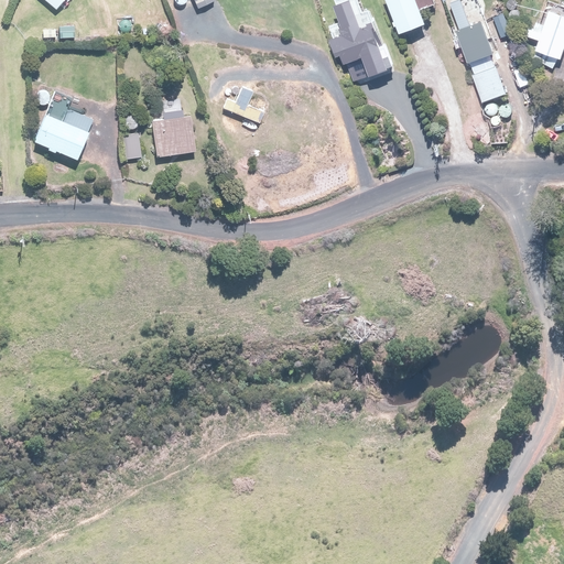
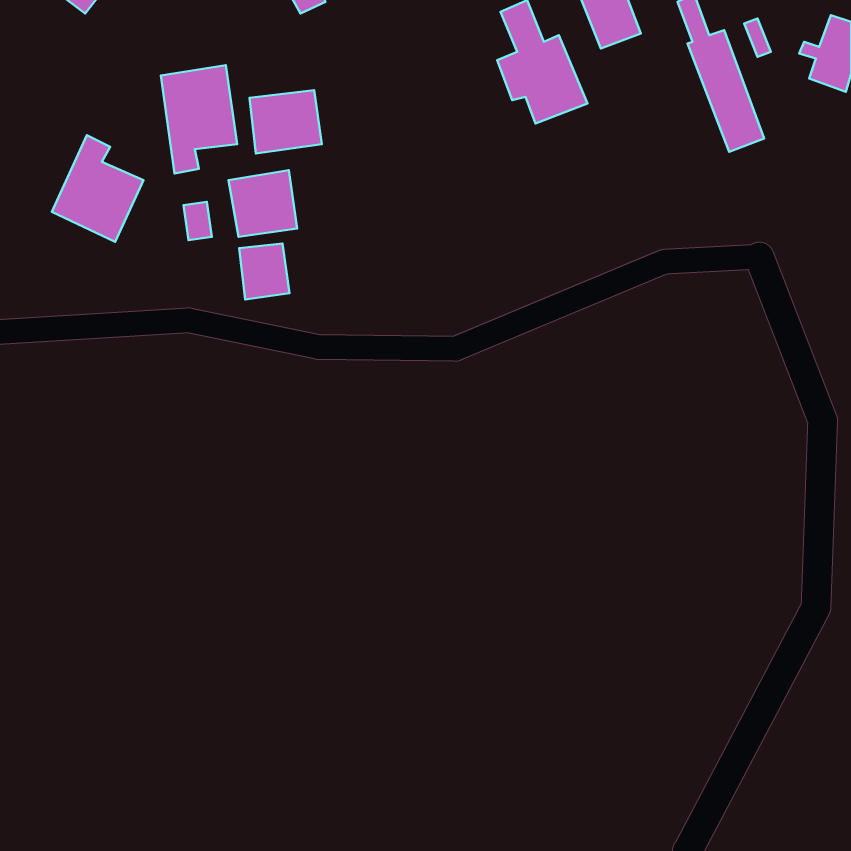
building: none -> [161,65,237,173]
building: none -> [249,90,322,154]
building: none -> [239,244,289,300]

